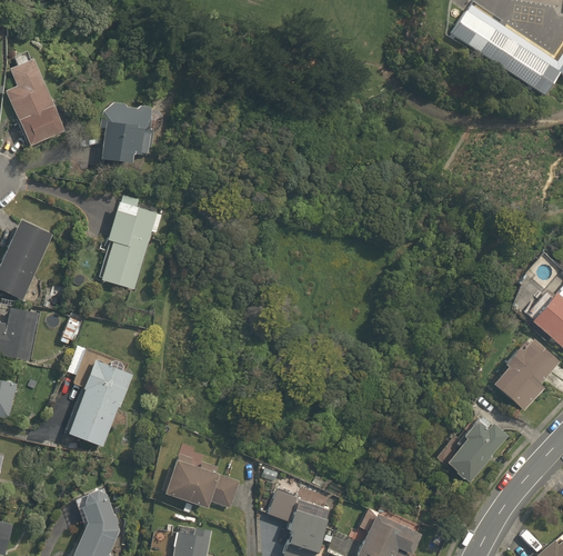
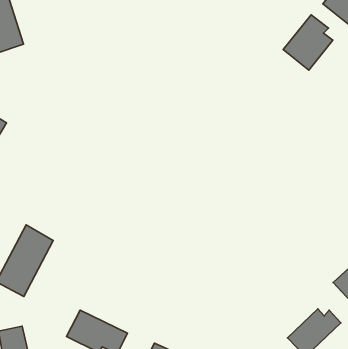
building: none -> [283,15,333,70]
building: [101,102,147,162] -> none
building: [95,193,161,289] -> none

